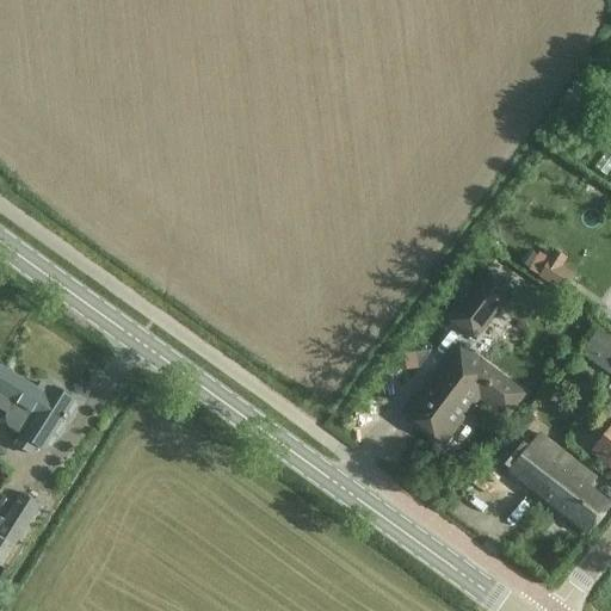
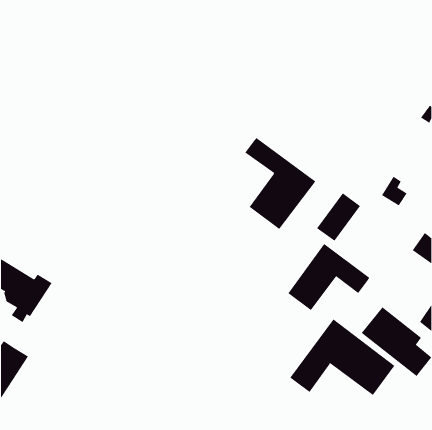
building: none -> [245,137,316,230]
building: none -> [289,318,395,396]

